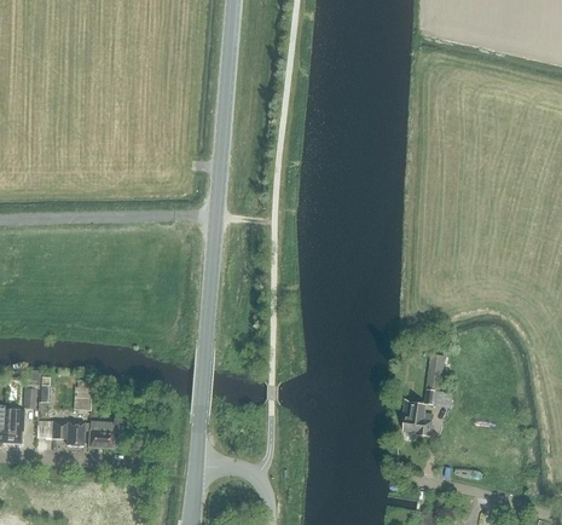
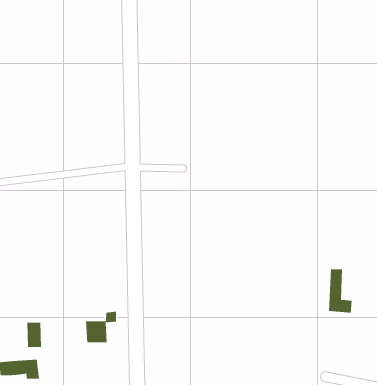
building: [404,402,433,437] -> none
building: [88,414,127,449] -> [85,311,117,343]

